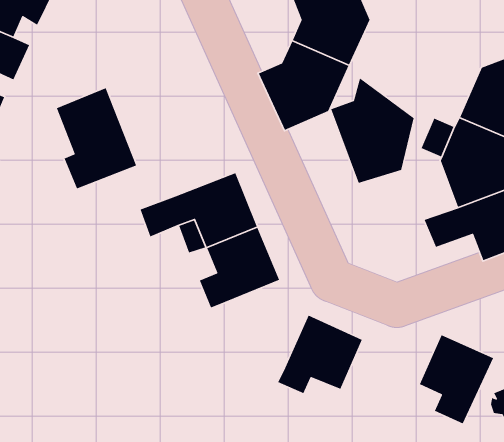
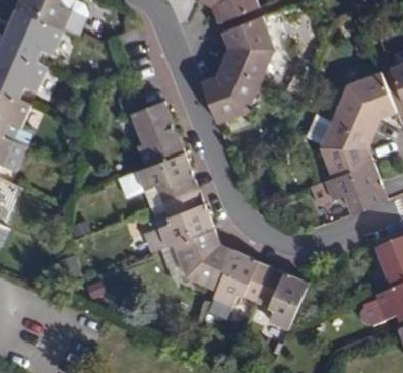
building: [330,77,415,184] -> none
building: [56,87,137,189] -> [128,100,184,170]
building: none -> [172,228,233,290]
building: [419,334,494,424] -> [256,268,308,330]

